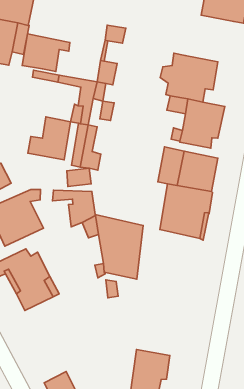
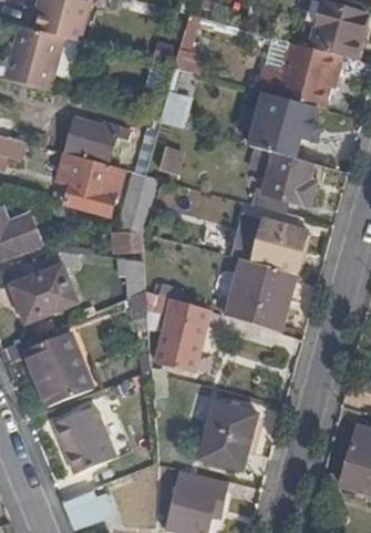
building: none -> [275,44,340,111]
building: [22,34,70,71] -> [65,115,128,166]
building: none -> [199,403,255,469]
building: none -> [54,406,117,472]

